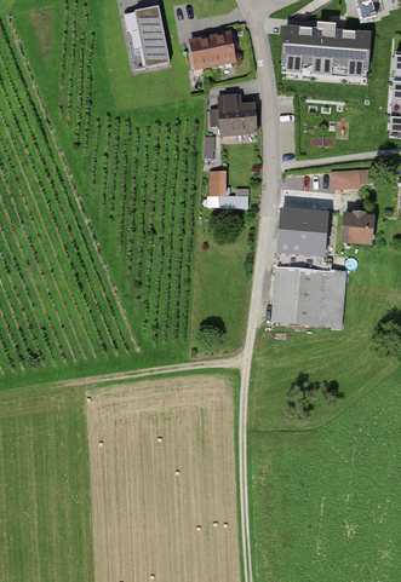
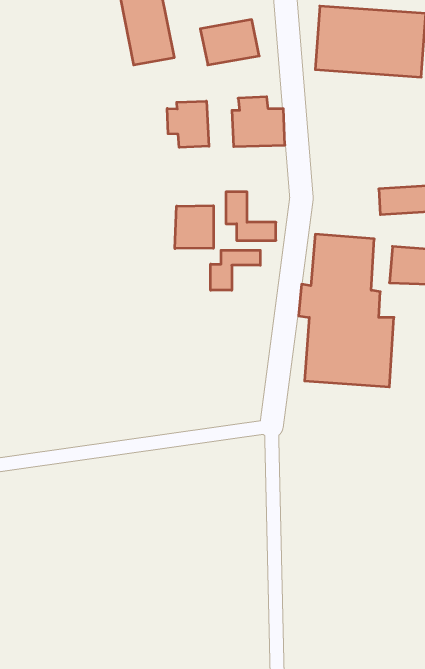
building: none -> [167,101,209,147]
building: none -> [175,206,213,249]
building: none -> [211,250,260,290]

